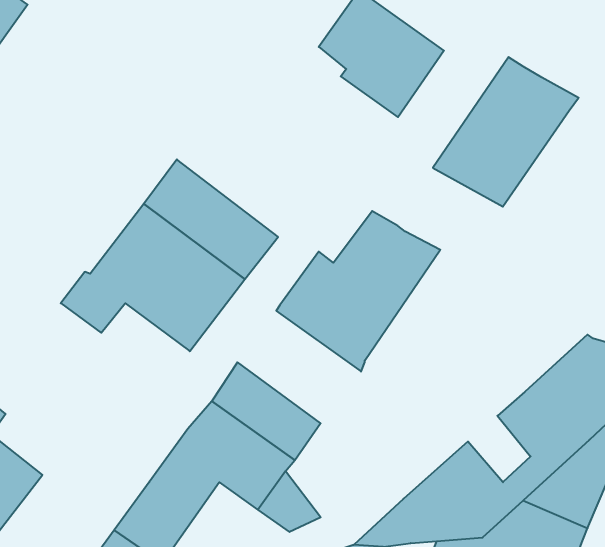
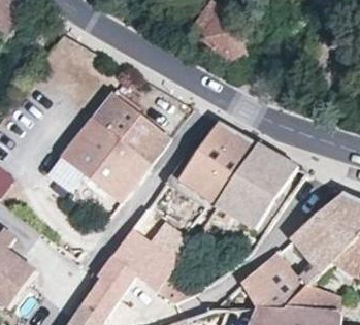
building: [433,57,579,207] -> [218,144,299,228]

